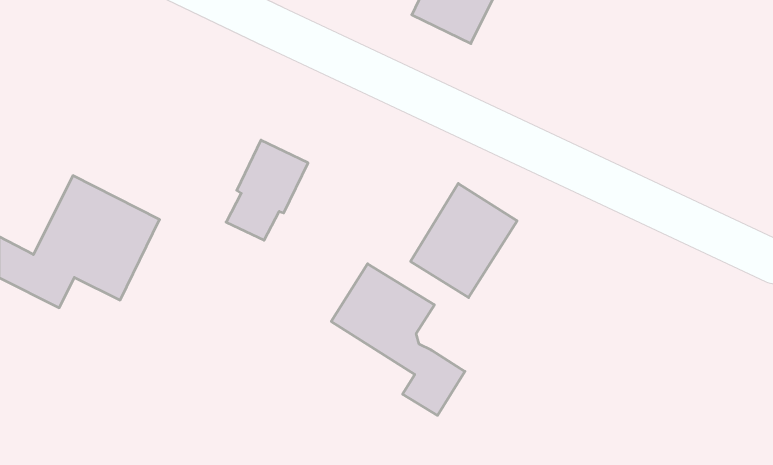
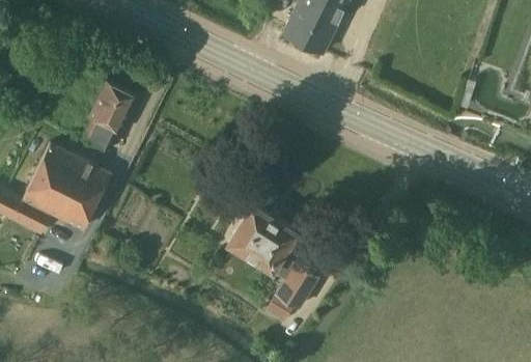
building: [226,140,308,240] -> [82,82,138,150]
building: [411,183,517,298] -> none

